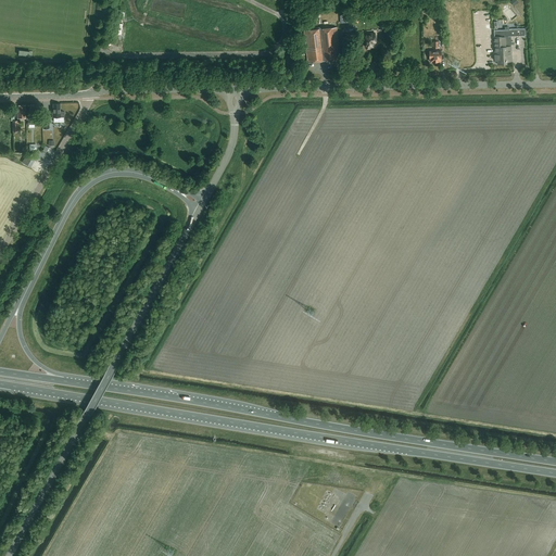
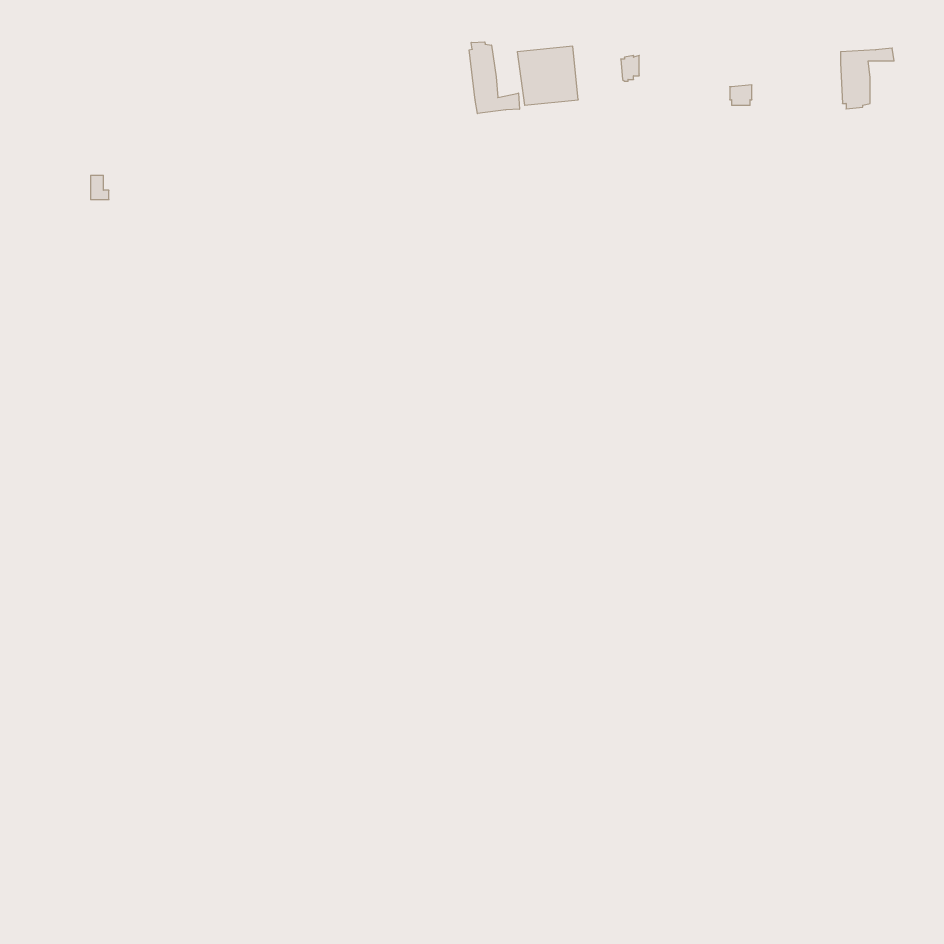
building: none -> [469,42,519,114]

